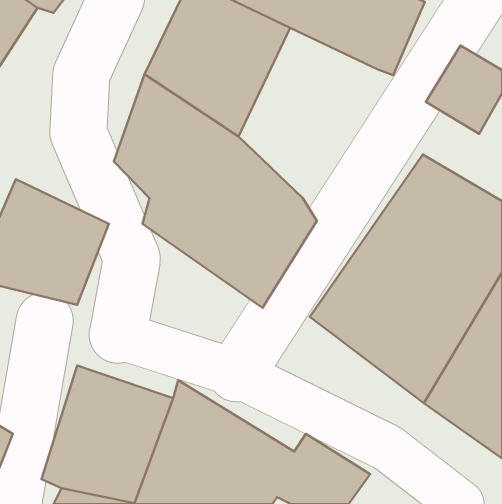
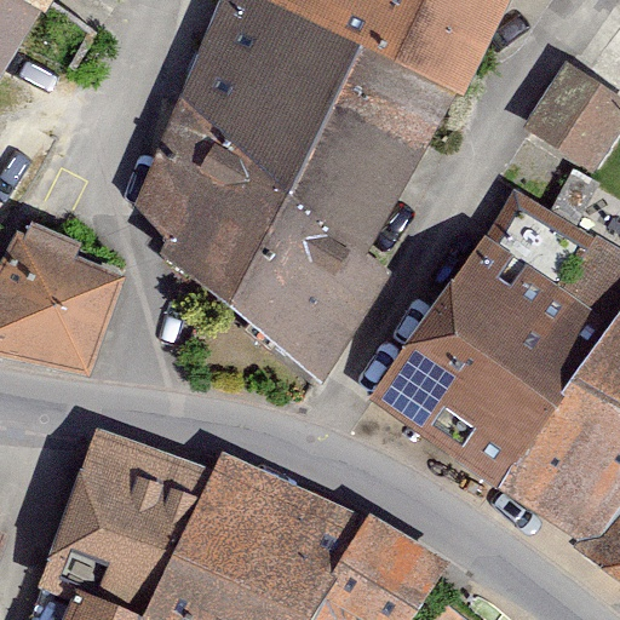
building: none -> [292,34,461,242]

